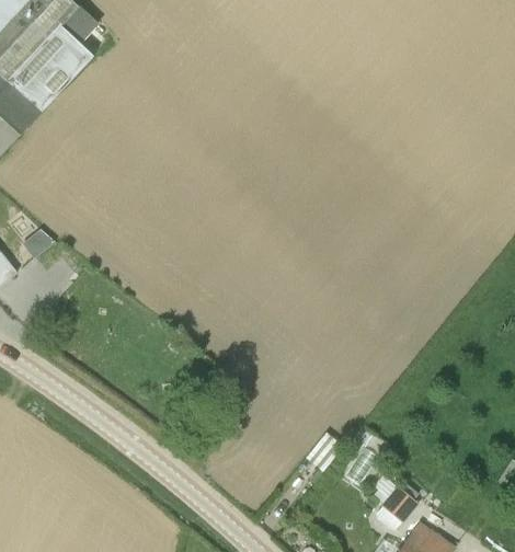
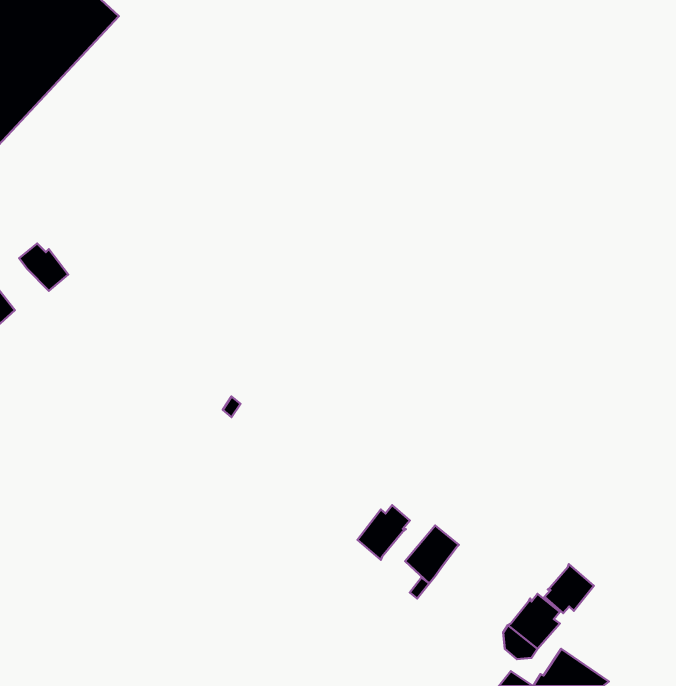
building: none -> [357,505,410,560]
building: none -> [545,564,594,613]

